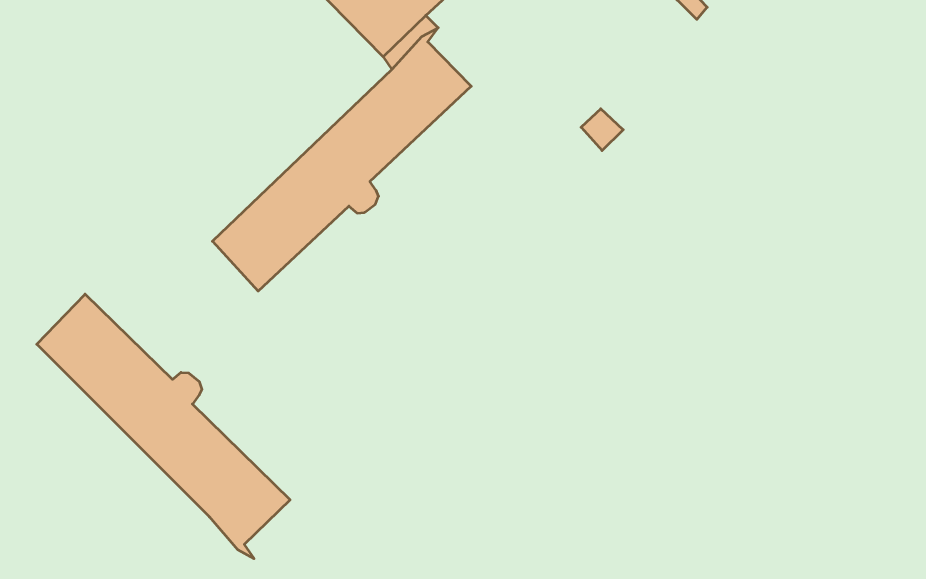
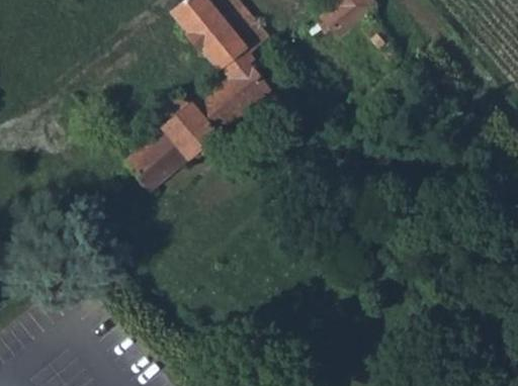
building: [37,294,290,559] -> none

